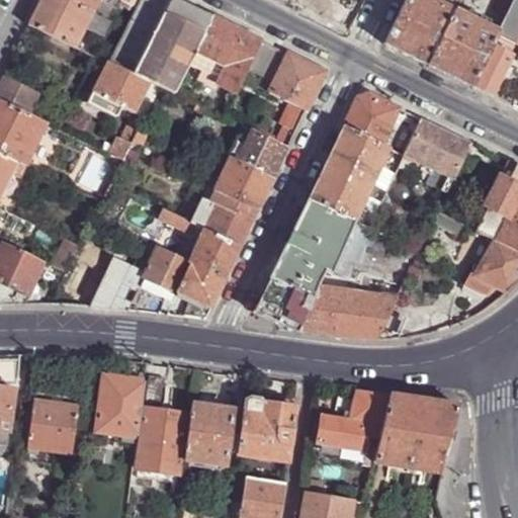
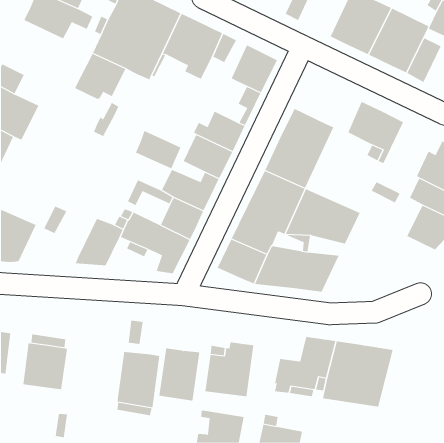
building: [343,91,399,144] -> none
building: none -> [135,130,181,169]
building: [97,374,146,434] -> none

